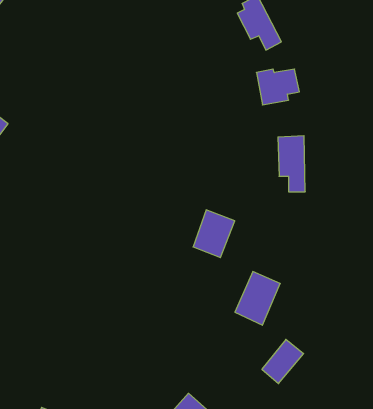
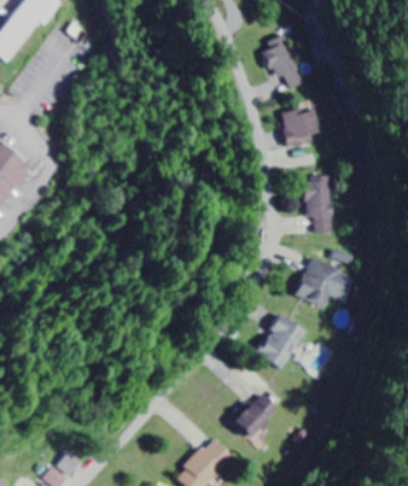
building: [193,210,235,258] -> [296,257,338,305]
building: [262,339,304,384] -> [235,392,278,437]

